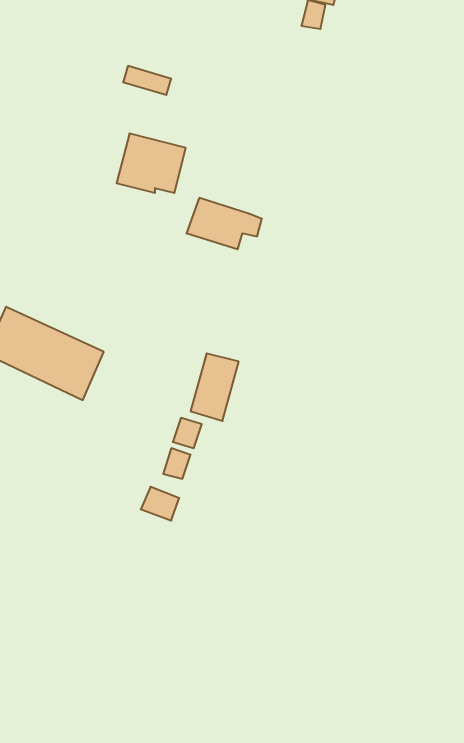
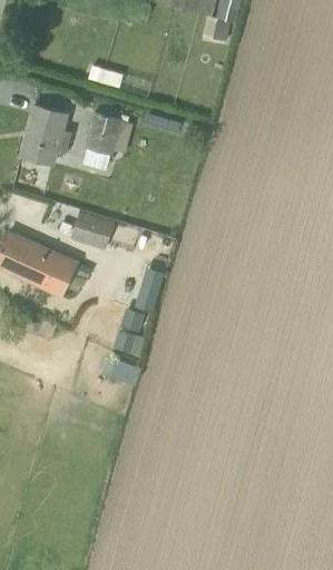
building: none -> [21,107,72,165]
building: [186,198,262,249] -> [71,213,124,248]

